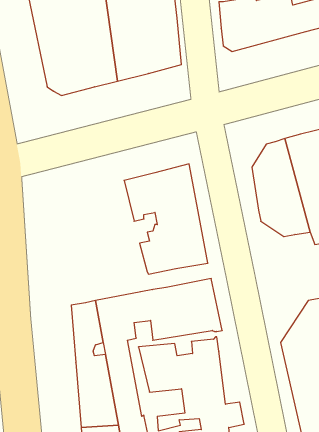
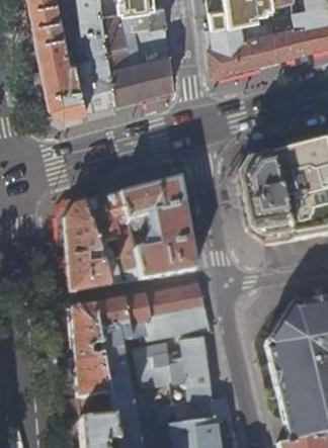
building: none -> [64,193,141,292]

